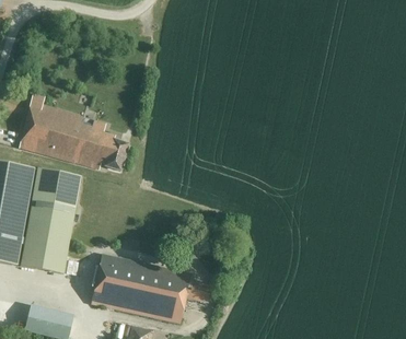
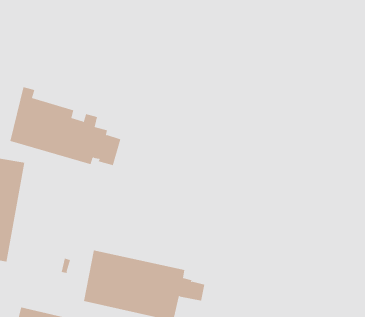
building: [20,166,81,272] -> none

